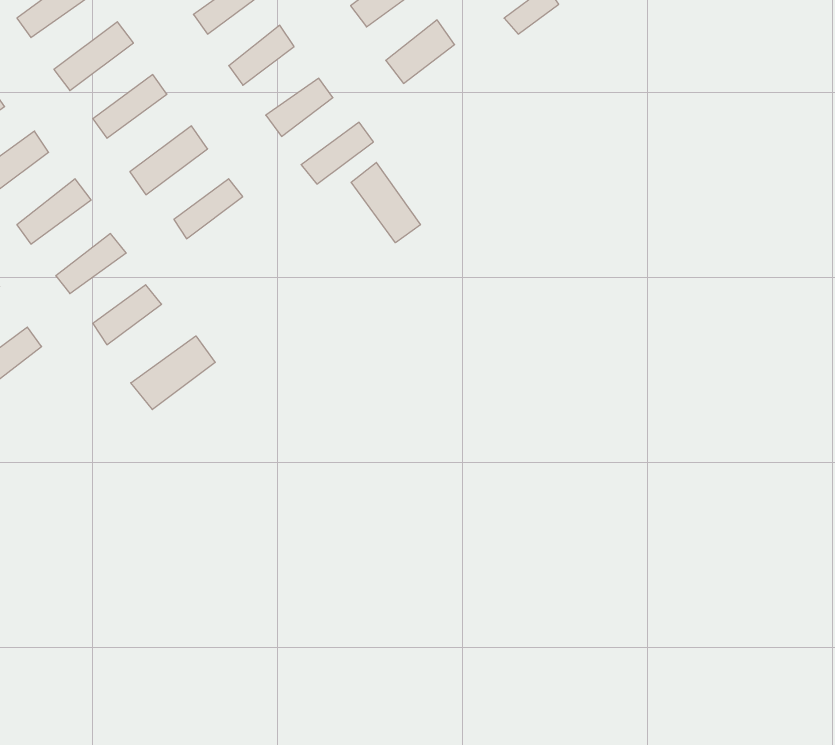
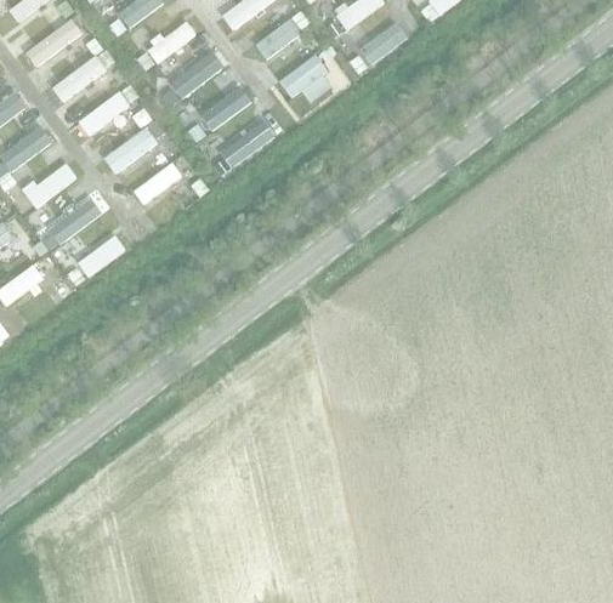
building: [351,162,420,243] -> none
building: [131,336,215,410] -> none

